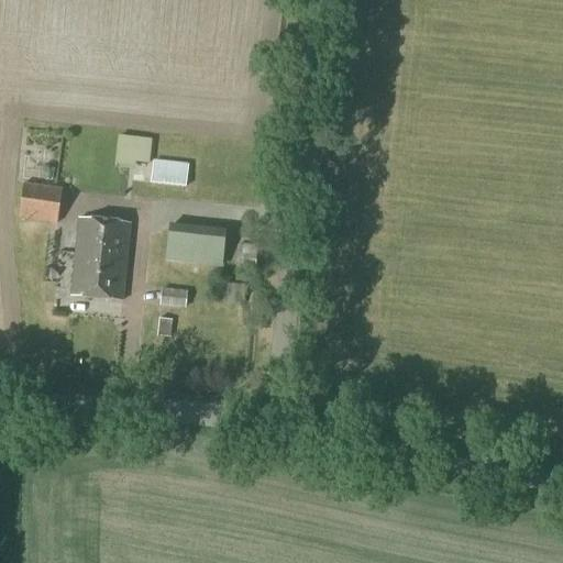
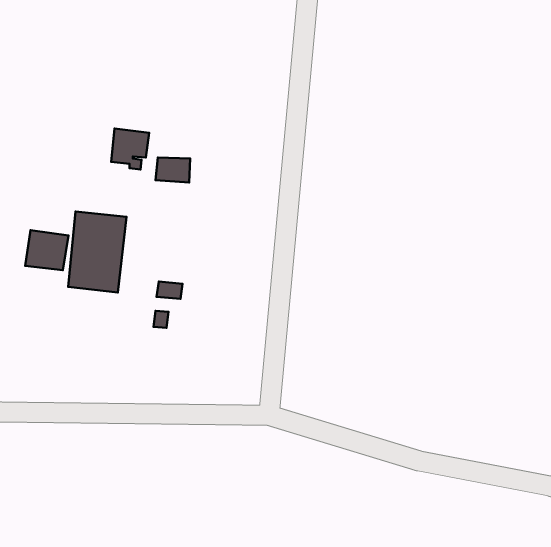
building: [18,179,62,220] -> [25,230,68,270]
building: [166,224,224,265] -> none

